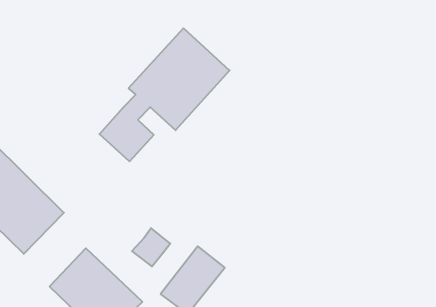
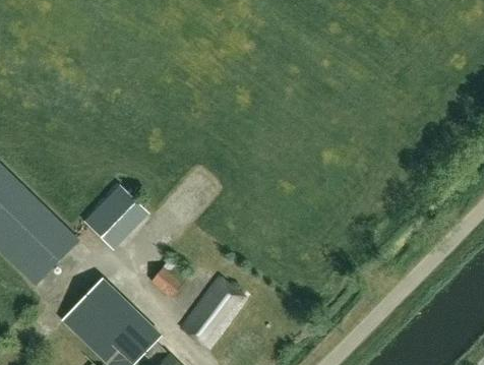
building: [99,28,230,161] -> none
building: none -> [88,179,153,244]

